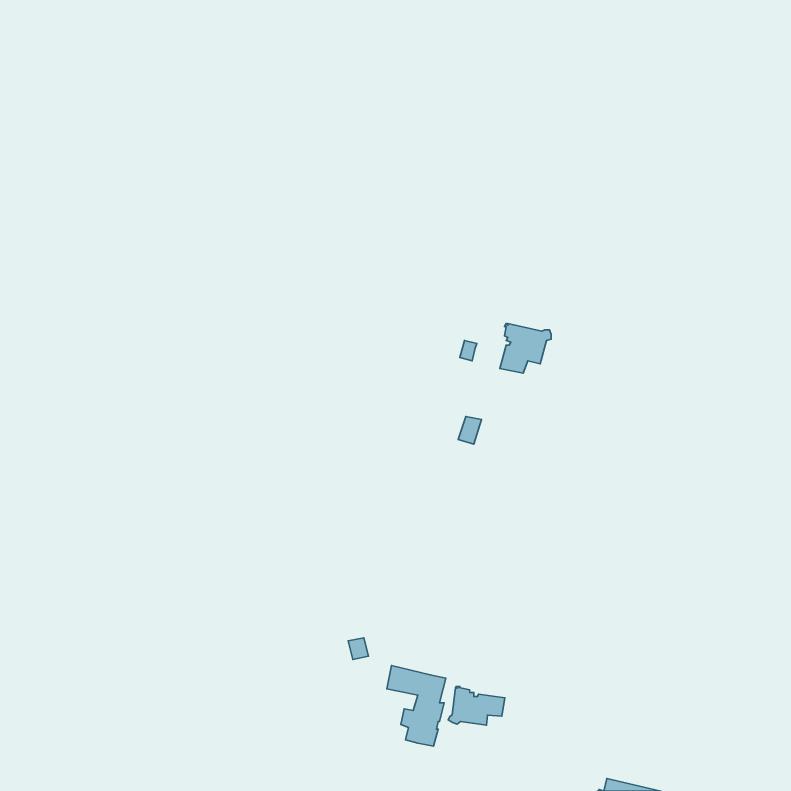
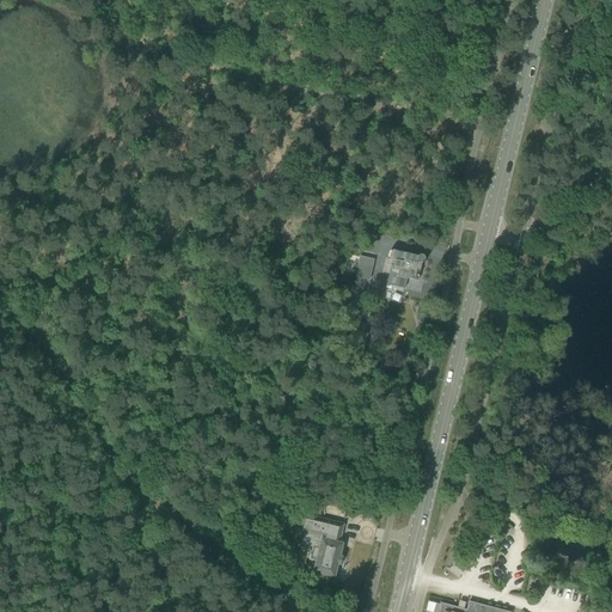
building: [448,686,505,725] -> none

